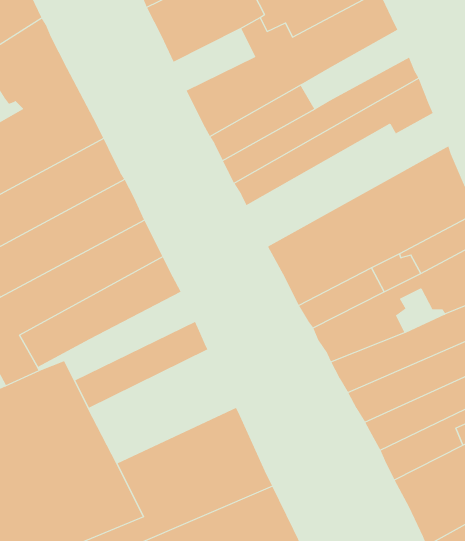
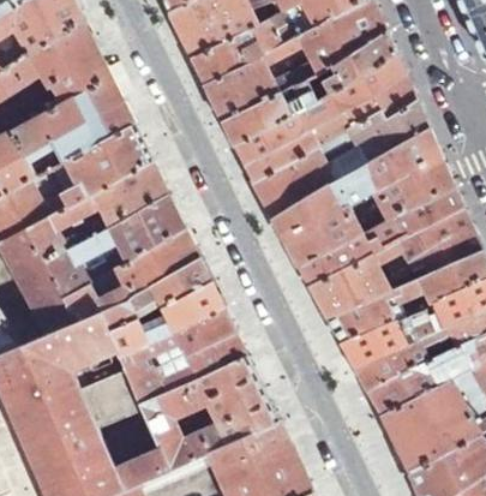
building: none -> [192,31,262,84]
building: none -> [318,32,394,92]
building: none -> [254,103,427,217]
building: none -> [100,256,211,331]
building: none -> [120,305,246,402]

